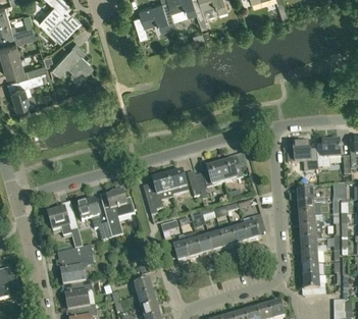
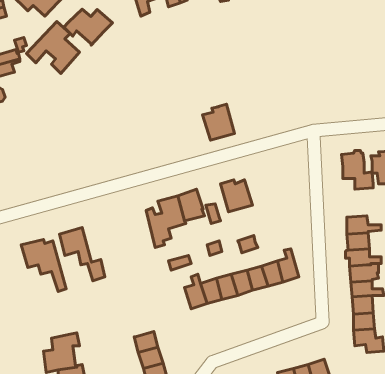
building: none -> [64,9,113,45]
building: [218,157,243,184] -> [203,104,235,140]
building: [103,194,134,240] -> none
building: [57,247,95,287] -> none

